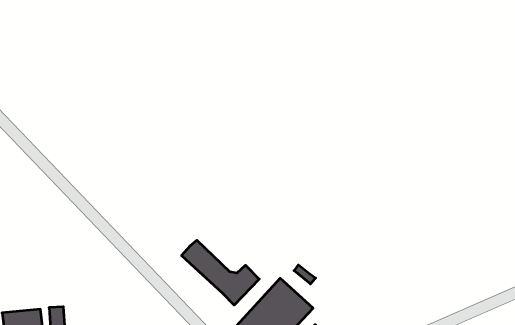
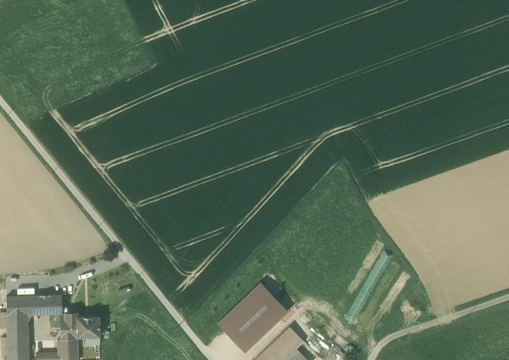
building: [182,240,259,305] -> none

